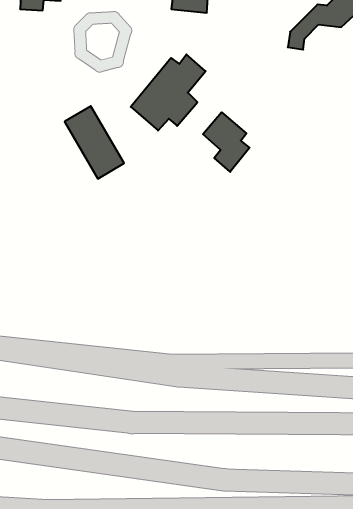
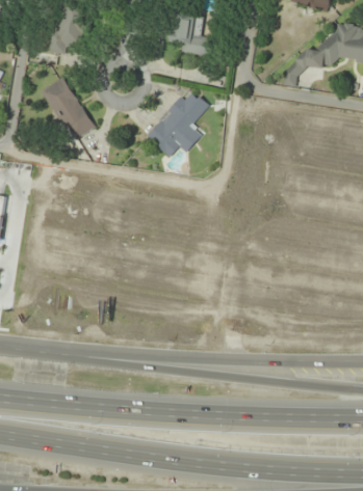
building: [65,106,124,179] -> [41,76,93,139]
building: [203,112,250,172] -> none

